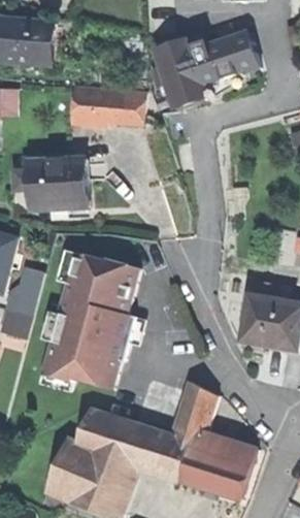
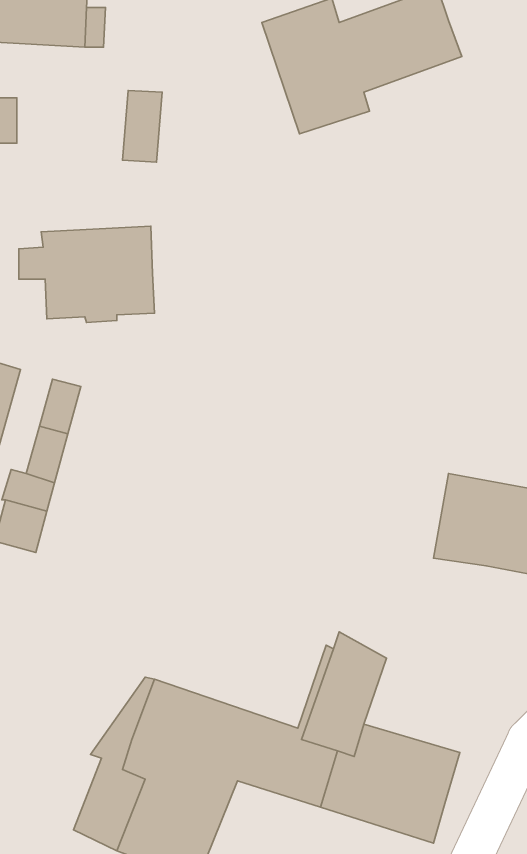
building: [91,87,145,126] -> none
building: [44,252,138,388] -> none

